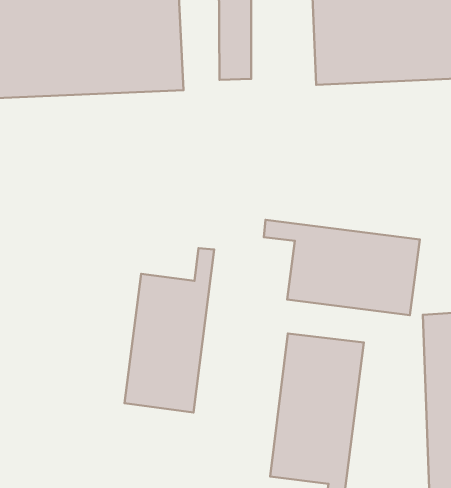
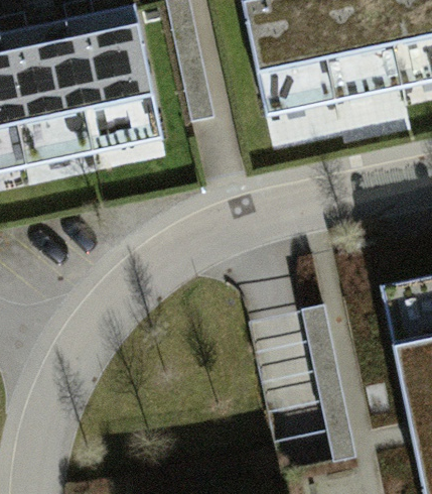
building: [264,220,420,315] -> none
building: [125,248,214,412] -> none

